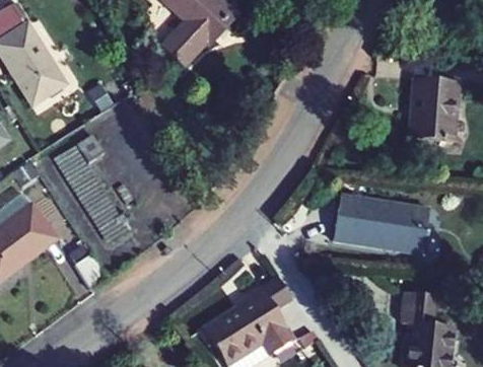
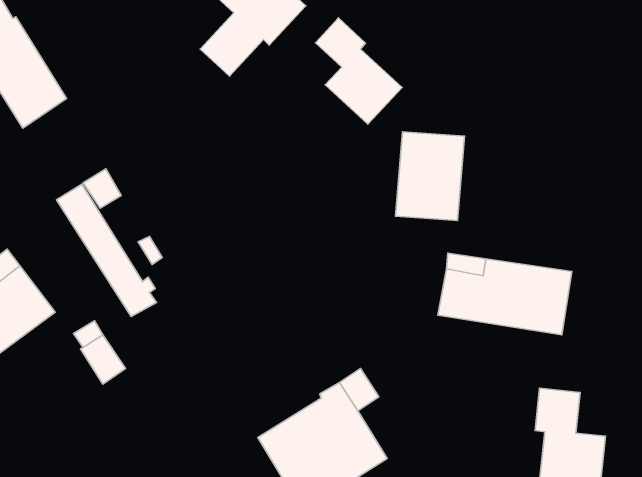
building: none -> [316,18,402,124]
building: [410,78,460,142] -> [396,132,465,221]

